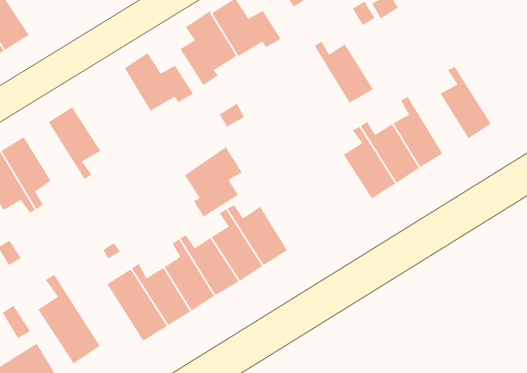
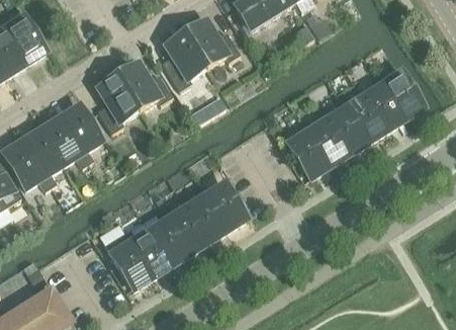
building: [314,41,374,103] -> [339,93,385,142]
building: none -> [375,70,423,118]
building: none -> [98,73,139,132]
building: none -> [41,117,88,166]
building: [184,145,243,218] -> none
building: [37,274,100,364] -> none

